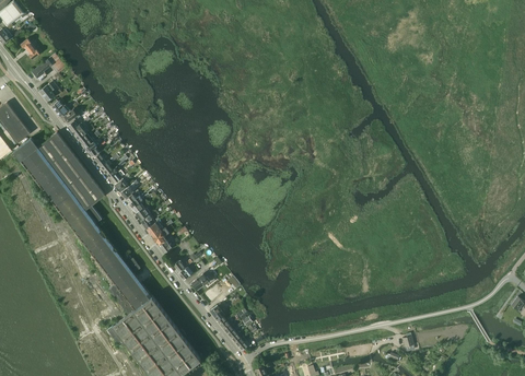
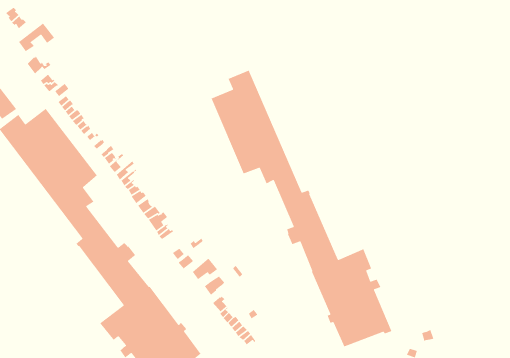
building: none -> [211,70,393,348]

